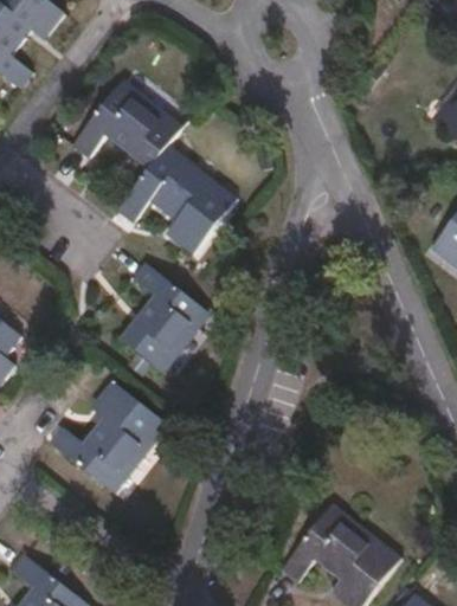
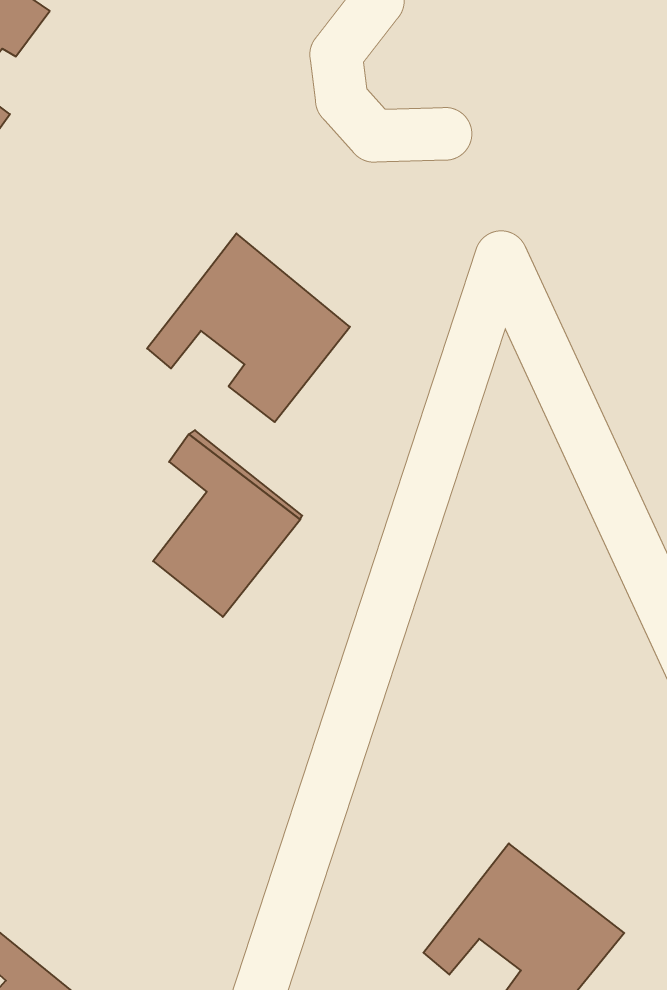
building: [73,79,185,168] -> none
building: [47,381,168,492] -> none

